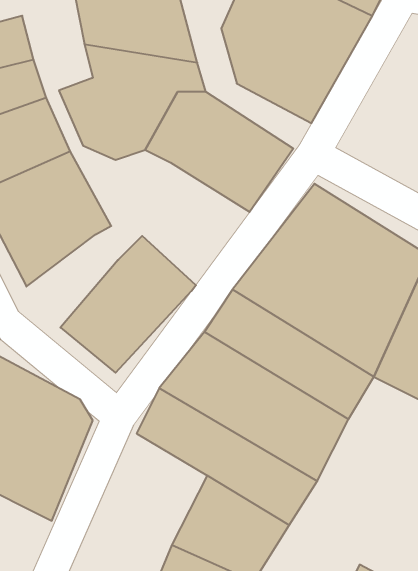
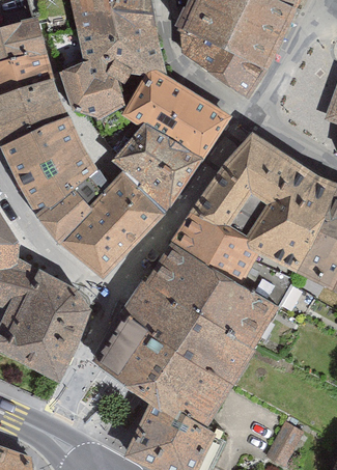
building: none -> [109,121,200,212]
building: none -> [36,174,104,243]
building: none -> [94,321,169,403]

